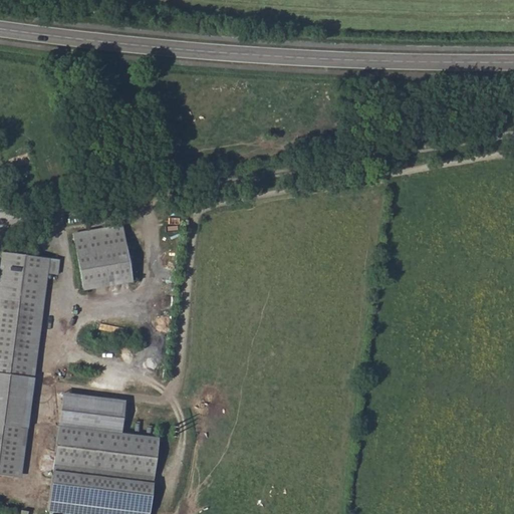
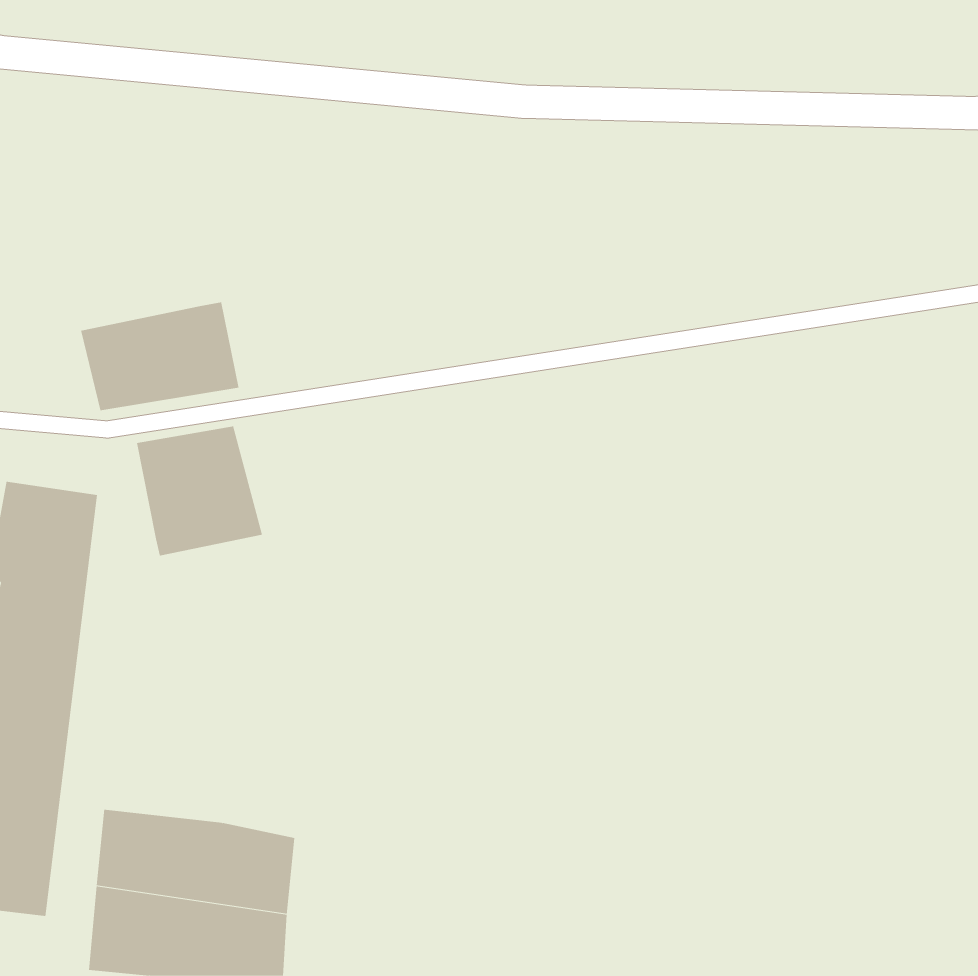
building: none -> [81,302,239,411]
building: [54,391,120,431] -> none

